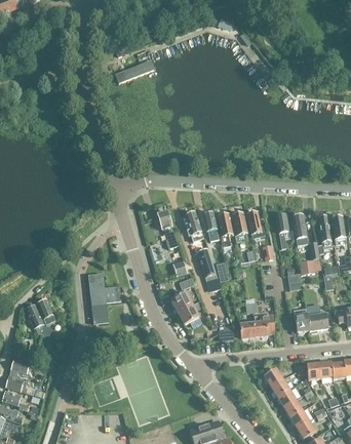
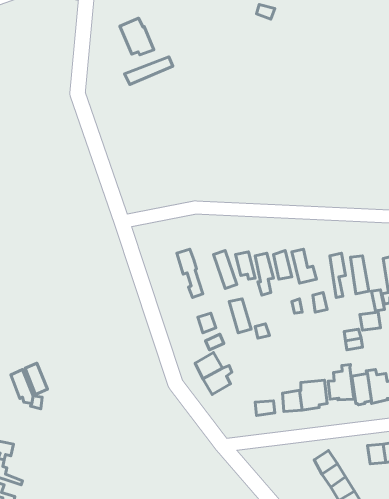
building: none -> [120,18,154,55]
building: [87,273,120,324] -> none
building: none -> [328,364,354,400]

